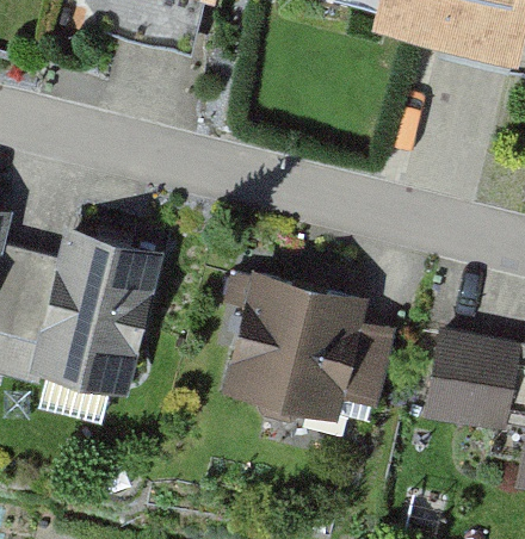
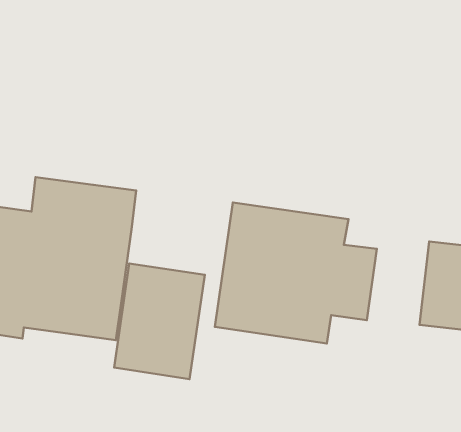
building: none -> [114,263,205,379]

